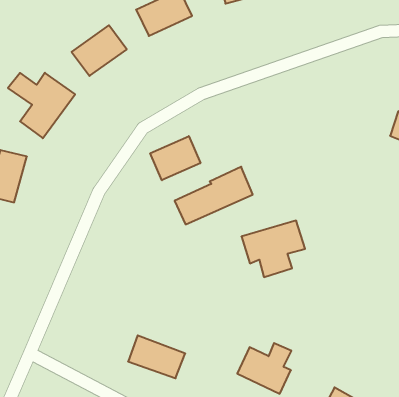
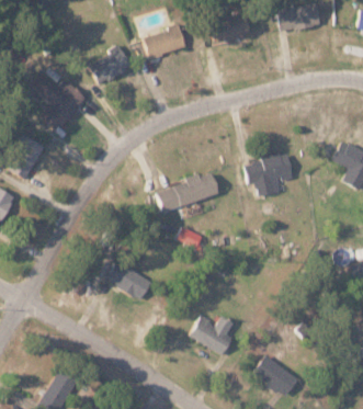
building: [150,136,200,180] -> none
building: [241,221,305,277] -> [245,156,294,197]
building: [128,335,185,378] -> [106,263,152,300]

